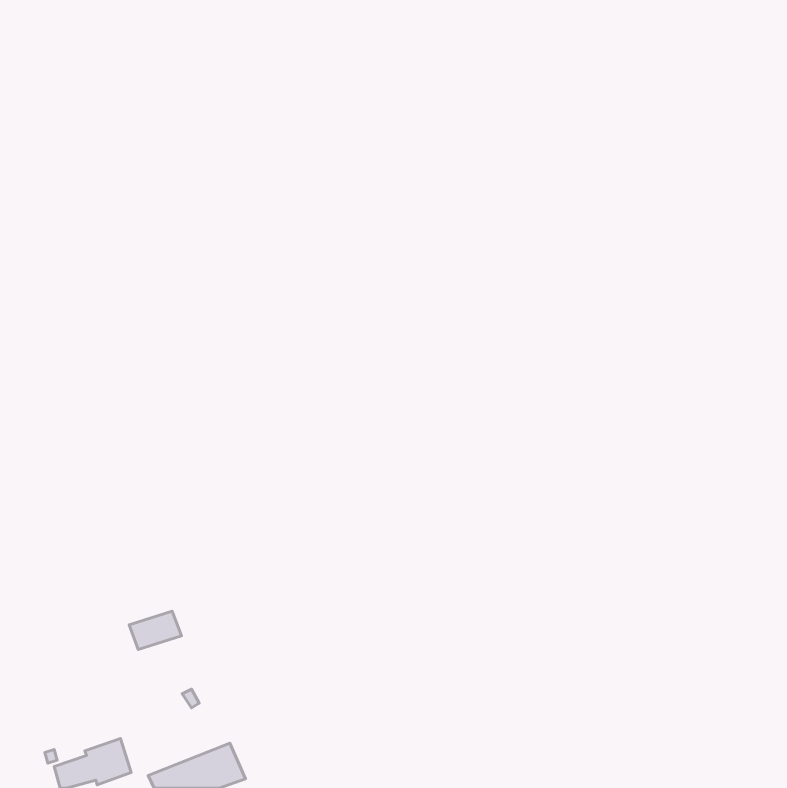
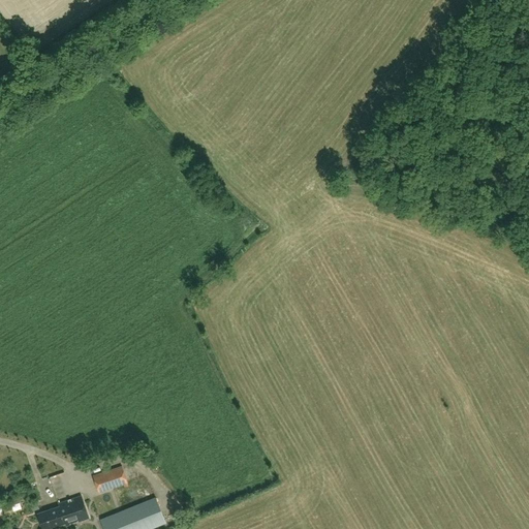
building: [129,611,182,650] -> [91,466,126,492]

